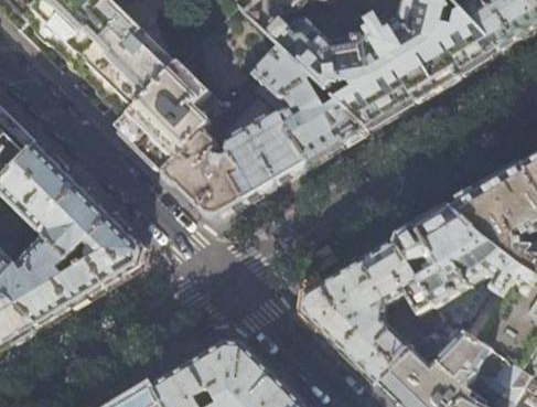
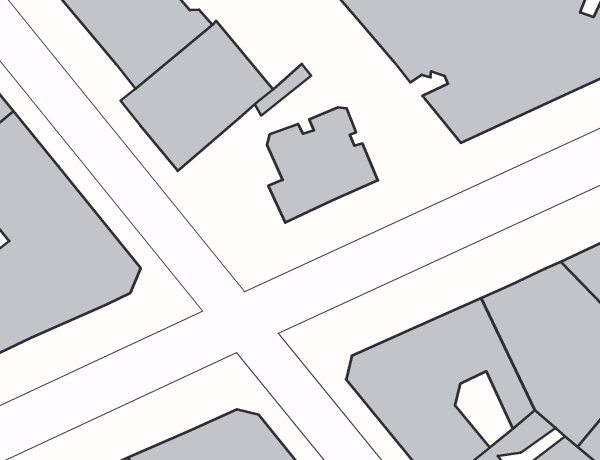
building: [254,45,366,161] -> none
building: [162,127,245,214] -> none

